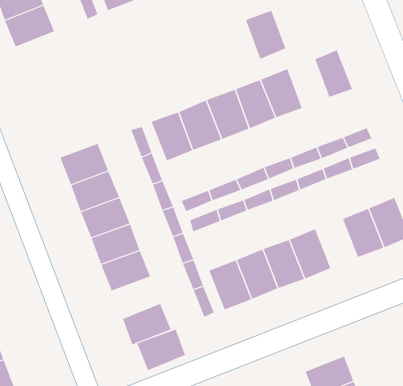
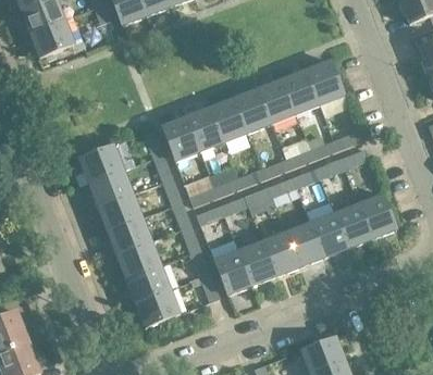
building: [245,10,286,59] -> [285,68,322,113]
building: none -> [310,213,348,258]
building: [137,329,186,371] -> [125,265,170,303]

